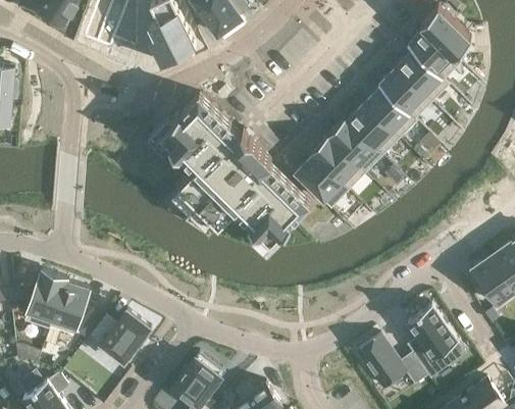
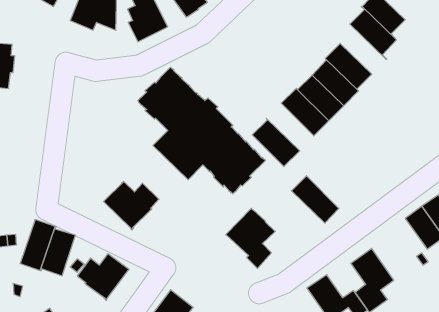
building: [395,44,448,102] -> none
building: [309,136,364,191] -> [291,176,339,223]
building: none -> [104,181,159,230]
building: none -> [226,208,275,268]

